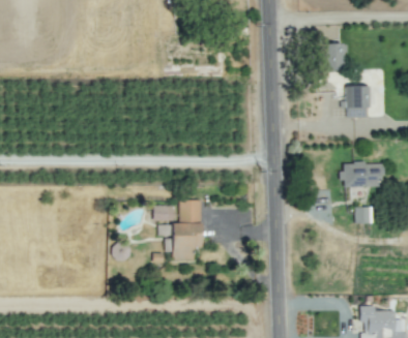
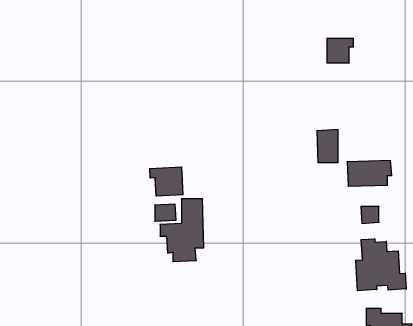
building: [349,85,370,117] -> [317,130,338,163]
building: none -> [150,167,183,196]
building: none -> [356,239,406,291]

